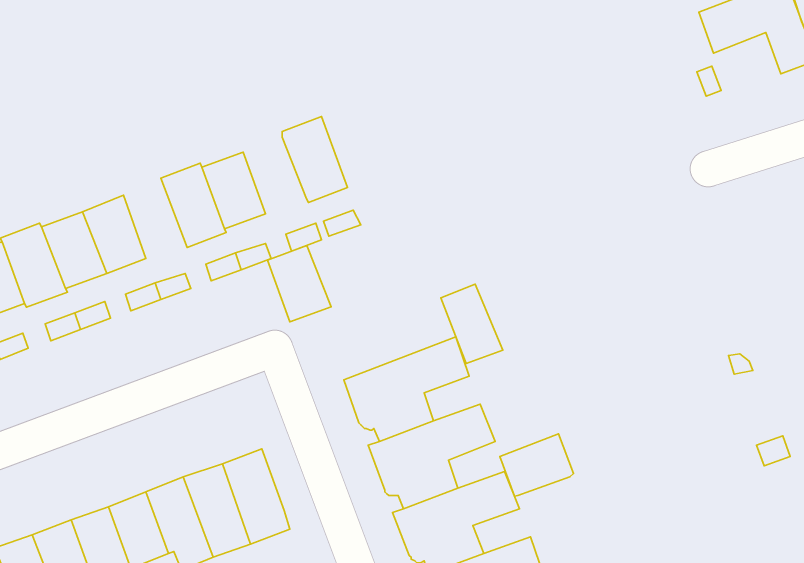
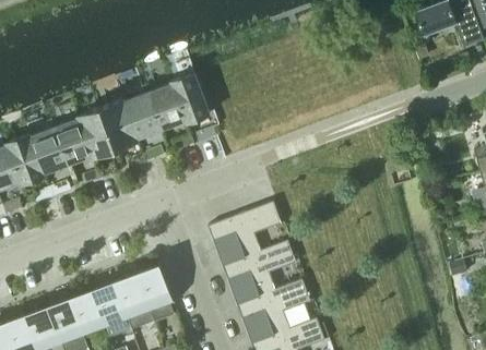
building: none -> [78,108,116,157]
building: [268,245,331,322] -> [149,84,186,129]
building: [441,284,503,364] -> none
building: [500,434,573,496] -> none

